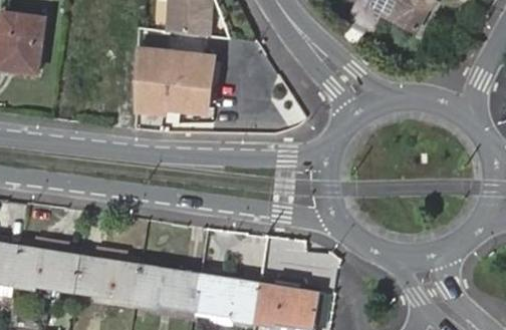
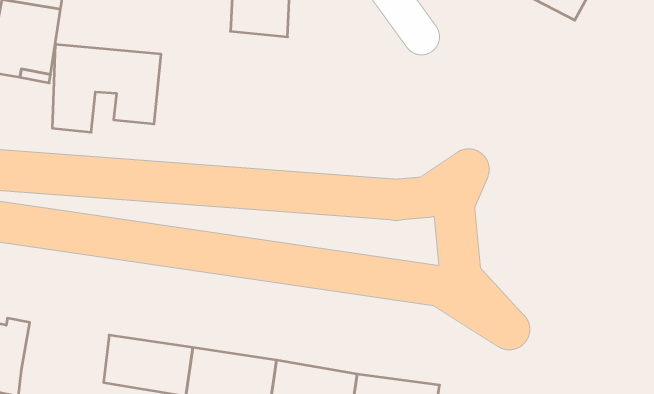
building: [135,52,213,115] -> [52,45,161,132]
building: [17,246,80,289] -> none

